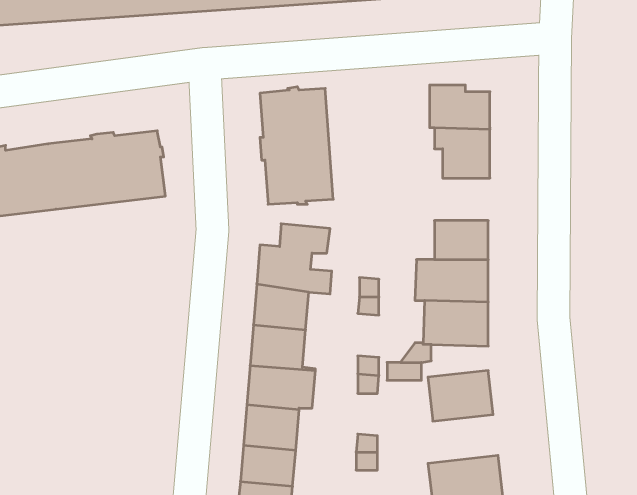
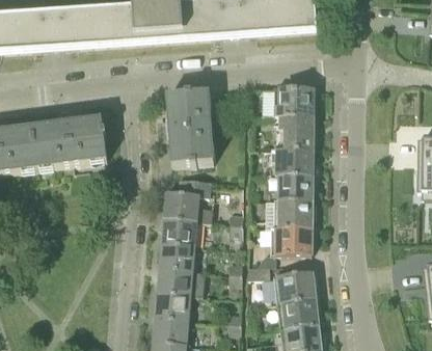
building: none -> [271,146,314,173]
building: none -> [274,297,319,328]

